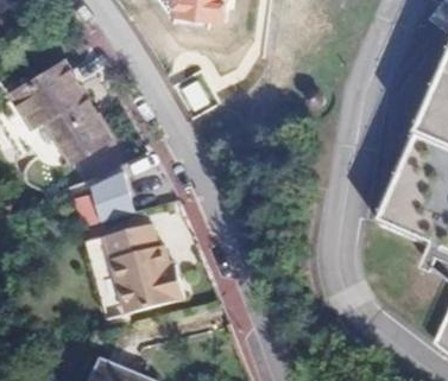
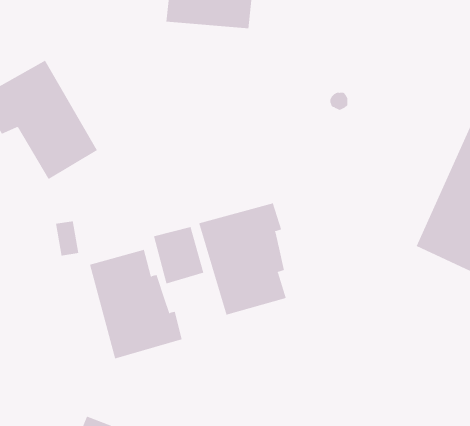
building: [87,172,130,221] -> [153,226,204,284]
building: none -> [199,203,286,316]

